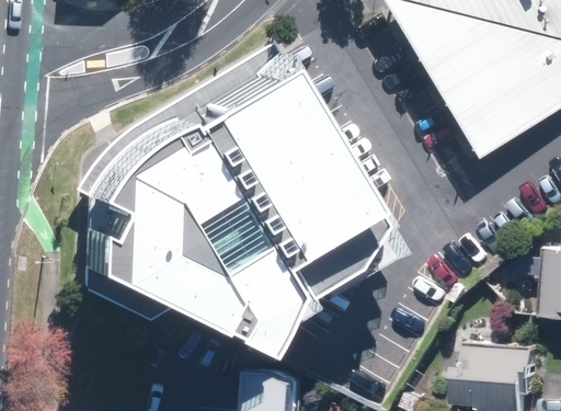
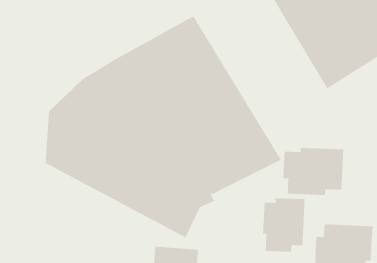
building: none -> [283,147,344,196]
building: none -> [262,198,305,253]

